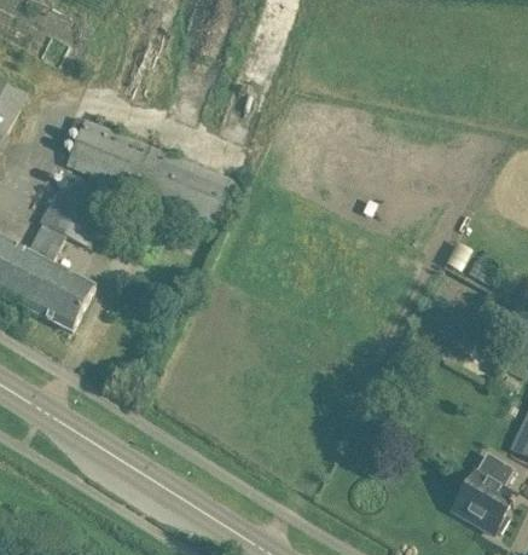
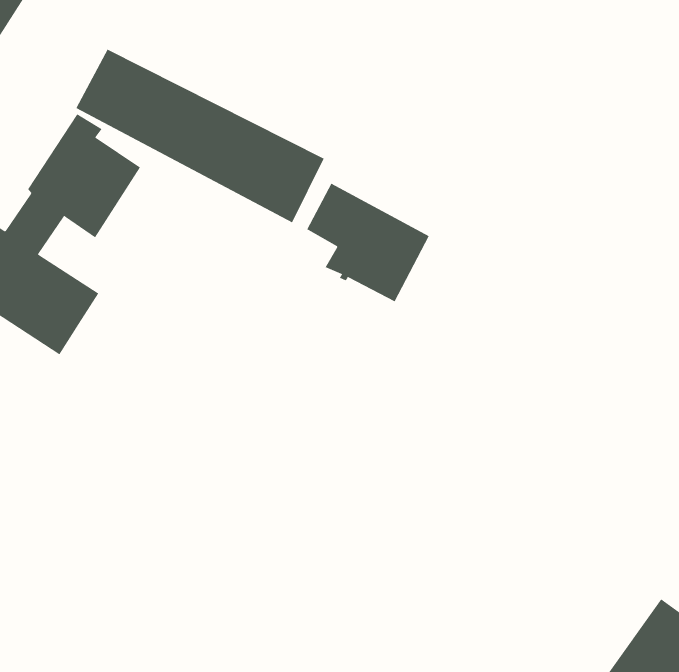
building: none -> [306,183,430,302]

